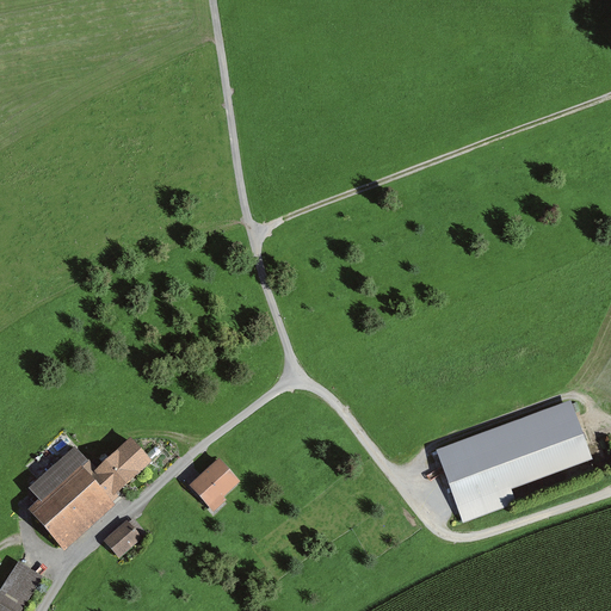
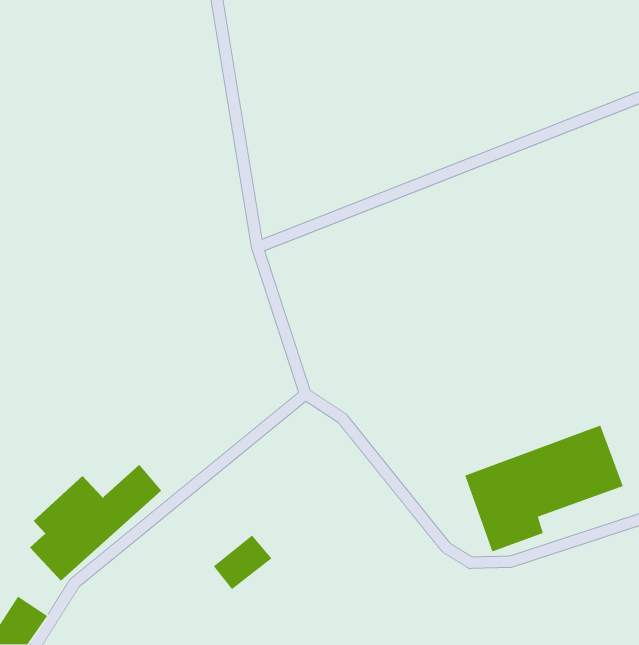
building: [186,458,242,511] -> [213,534,273,590]
building: [99,520,138,557] -> none

